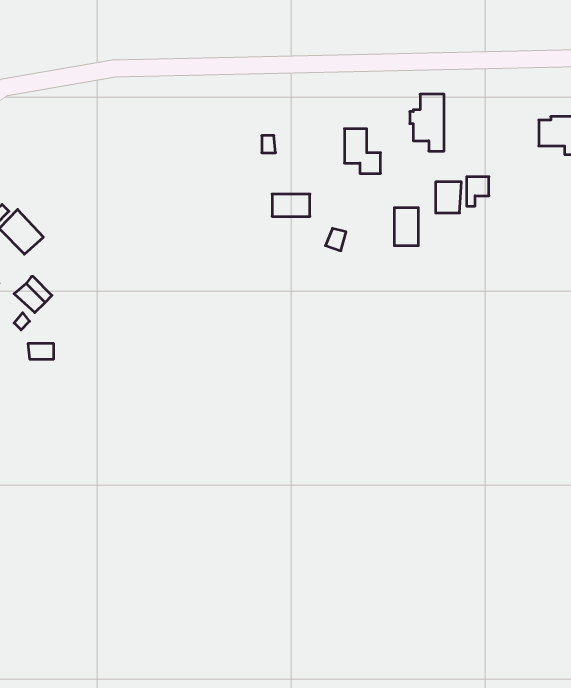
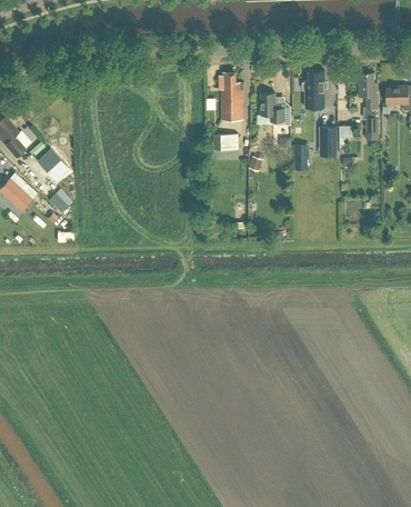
building: none -> [219,73,244,121]
building: none -> [359,74,379,140]

